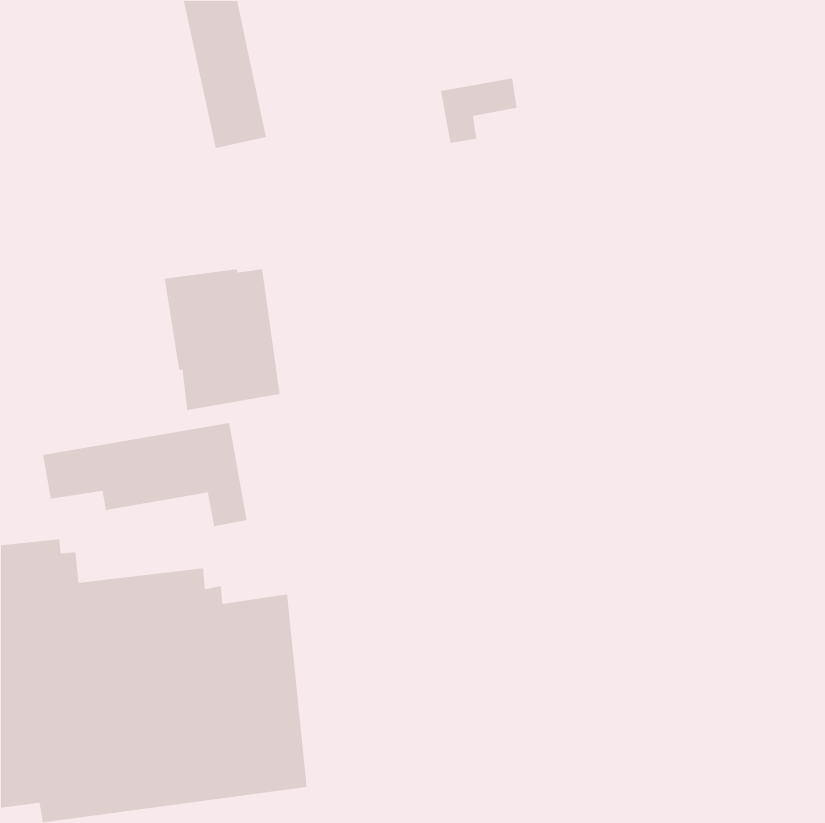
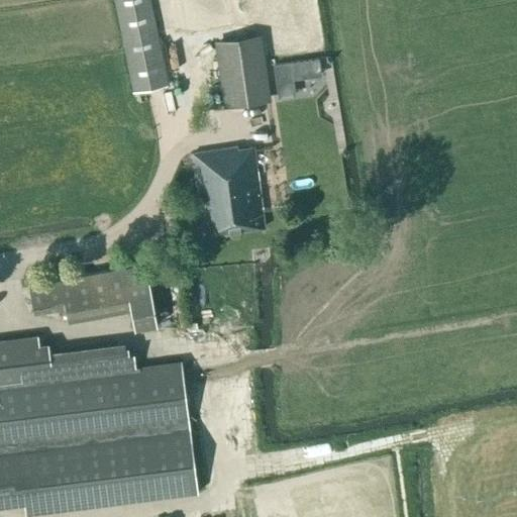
building: none -> [214,36,270,108]
building: [164,269,280,411] -> [192,149,265,238]

